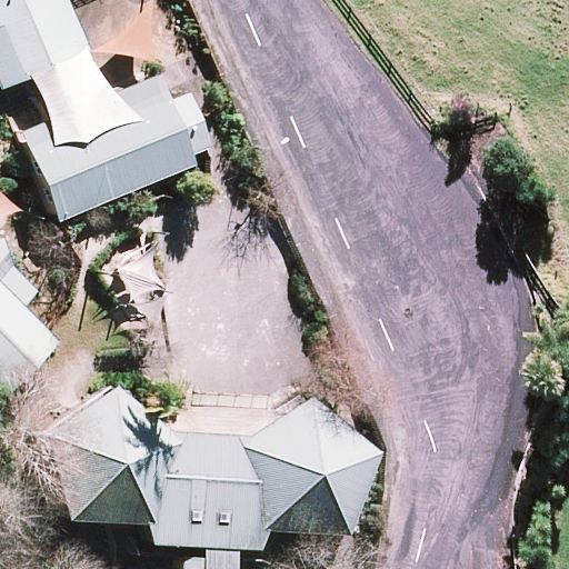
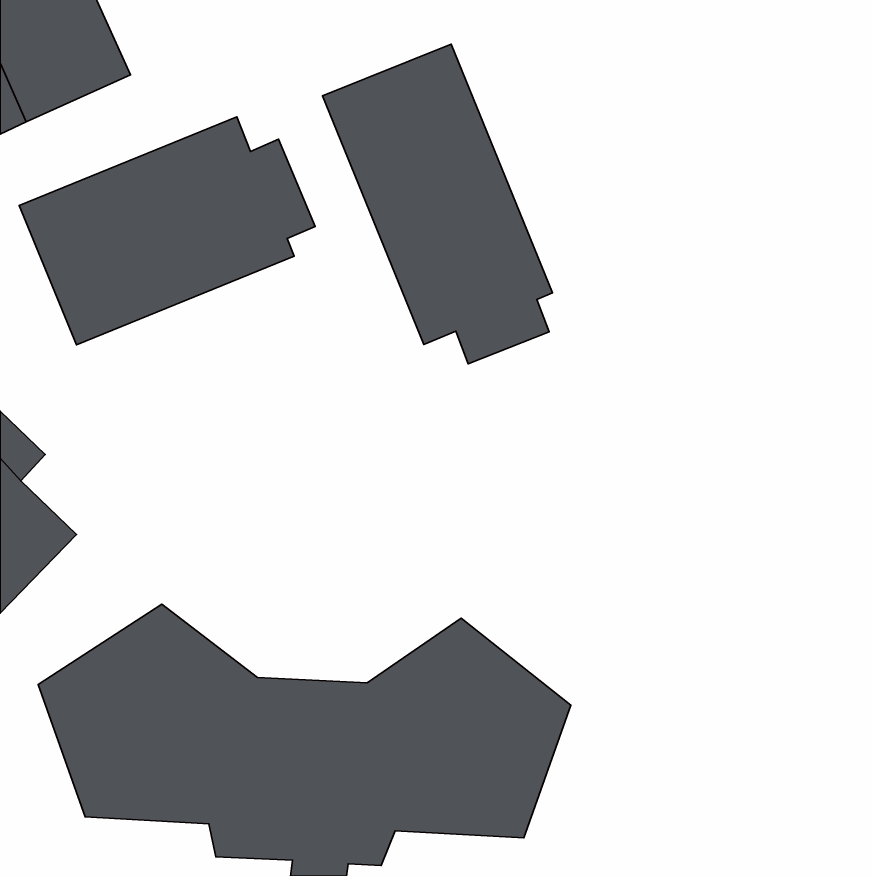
building: none -> [323,44,553,364]

